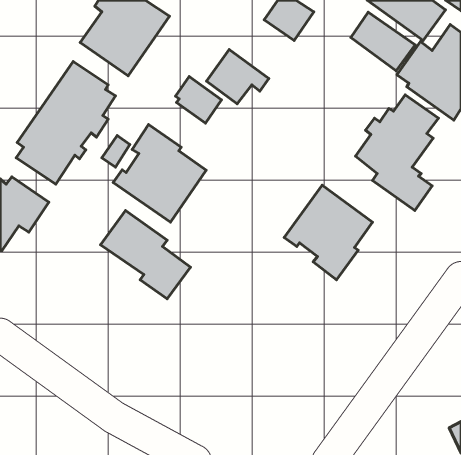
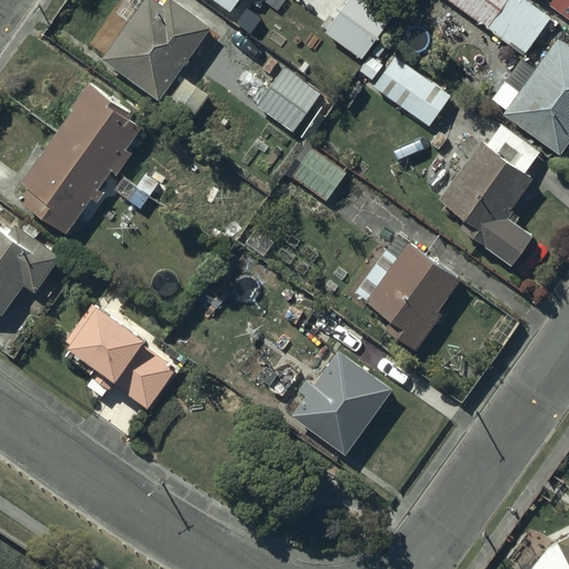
building: [351,12,415,71] -> [371,57,450,129]
building: [176,76,222,123] -> [289,146,346,203]
building: [113,125,206,222] -> none
building: [100,210,191,299] -> [66,300,177,409]
building: none -> [290,350,392,455]

